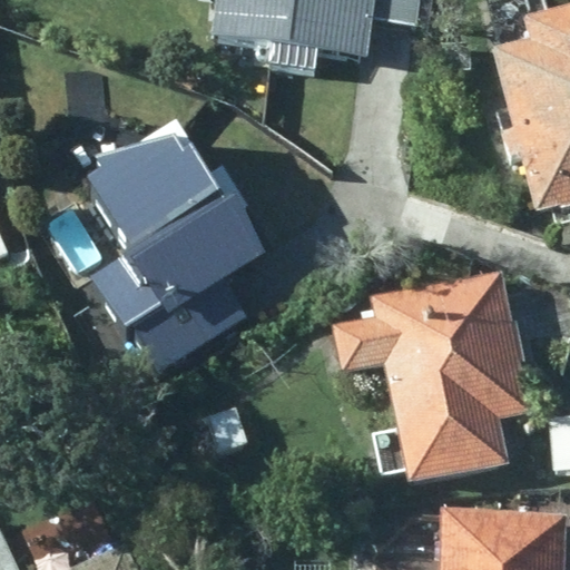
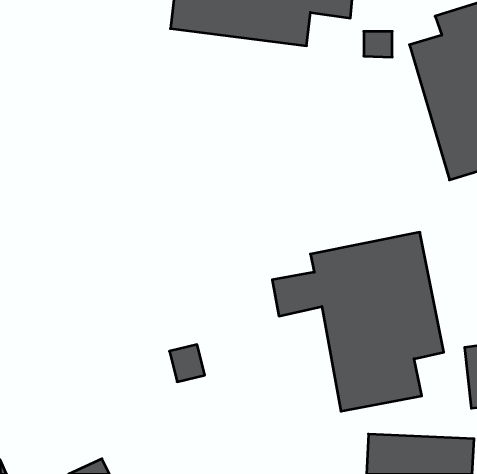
building: [79,151,254,371] -> none

